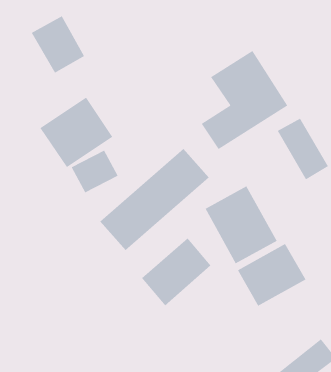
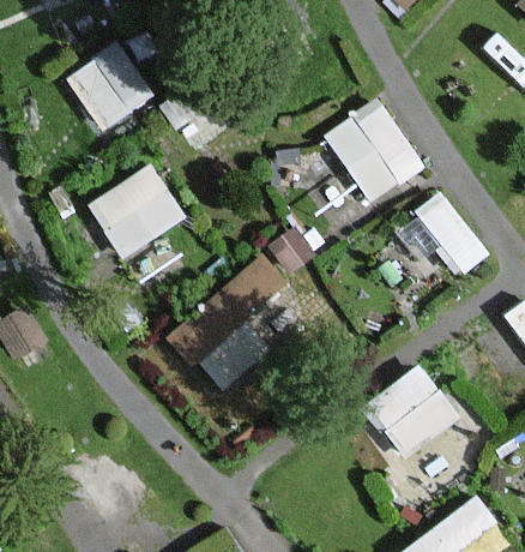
building: [205,186,277,264] -> none
building: [141,237,211,306] -> none

